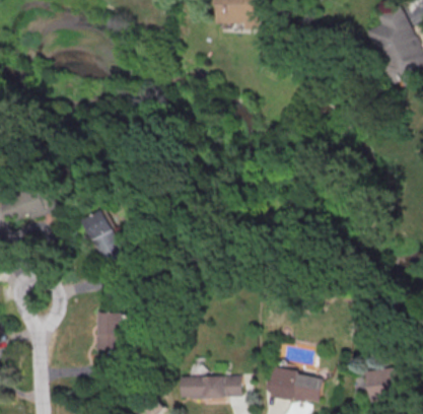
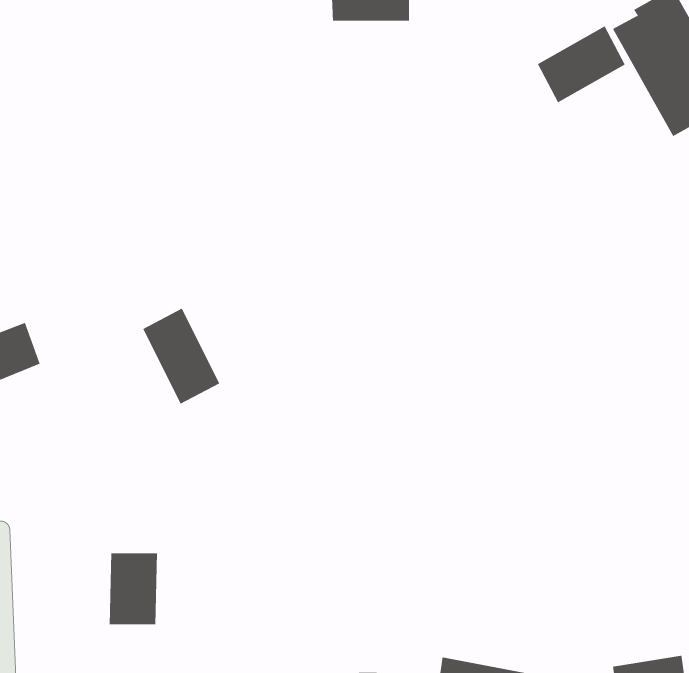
building: none -> [537,26,626,103]
building: [81,207,123,259] -> [142,308,220,404]

